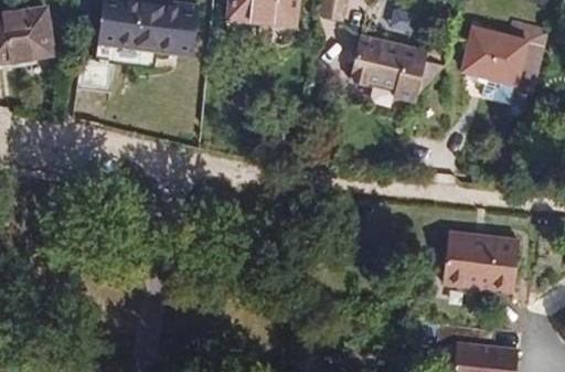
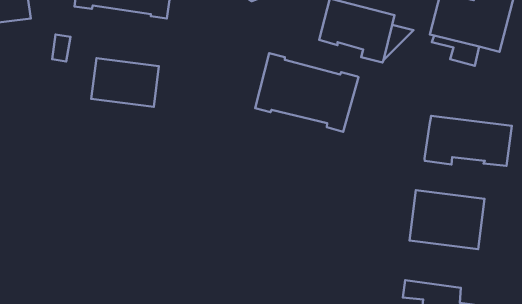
building: none -> [255,53,358,132]
building: none -> [91,58,159,107]
building: none -> [424,116,512,166]

